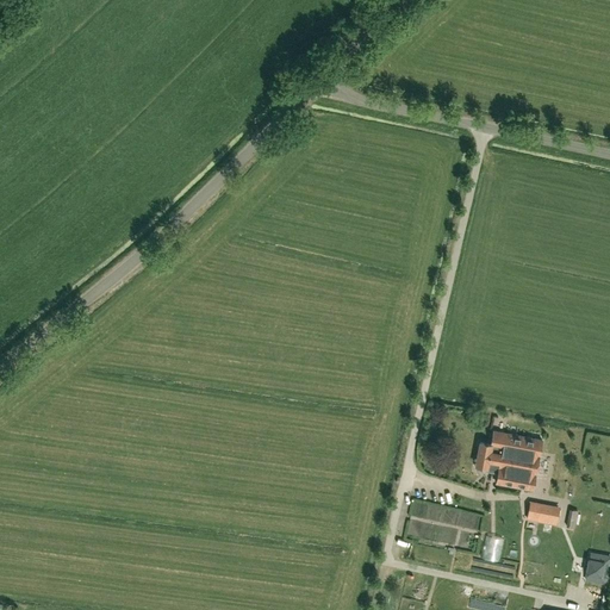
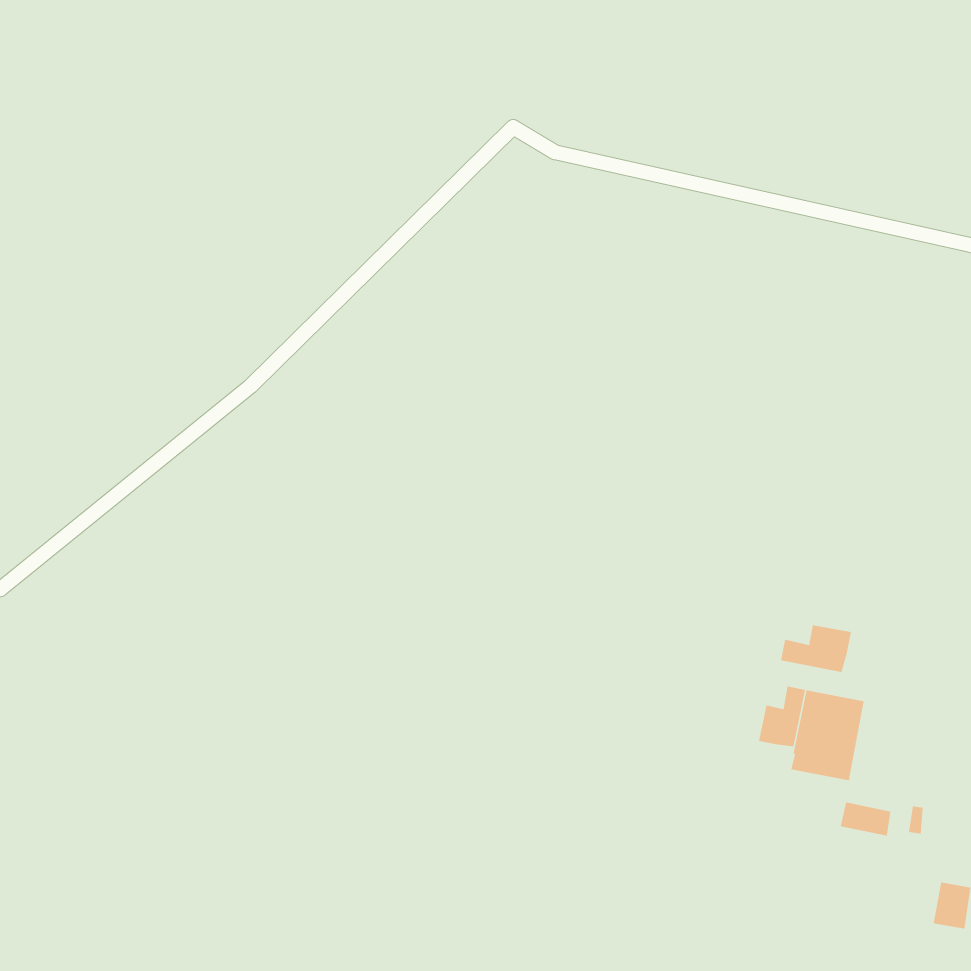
building: none -> [780,624,852,673]
building: [410,504,475,544] -> none

